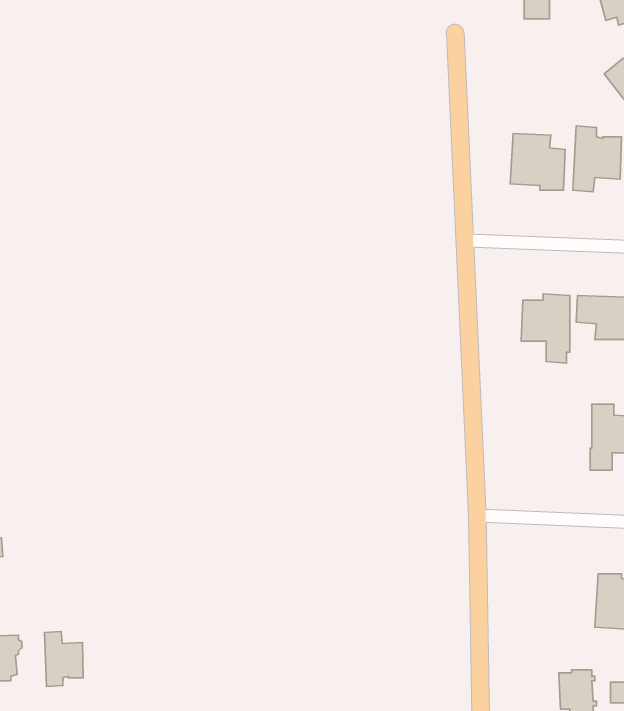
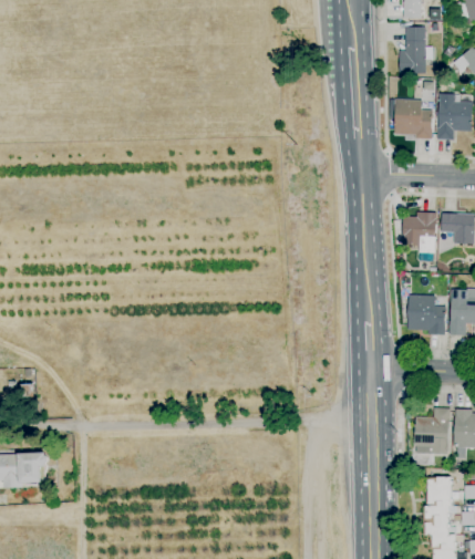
building: none -> [400,27,434,74]
building: none -> [409,293,446,334]
building: none -> [415,407,452,454]
building: [45,631,83,687] -> none

